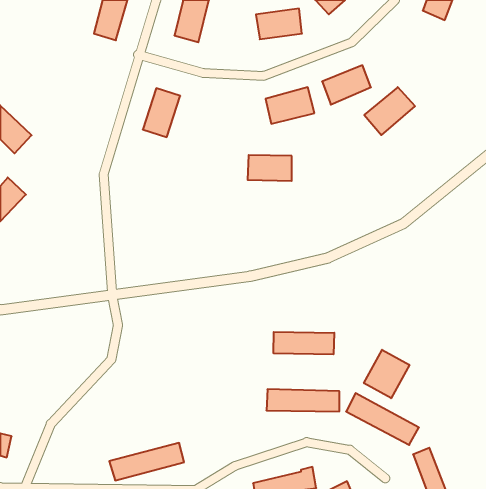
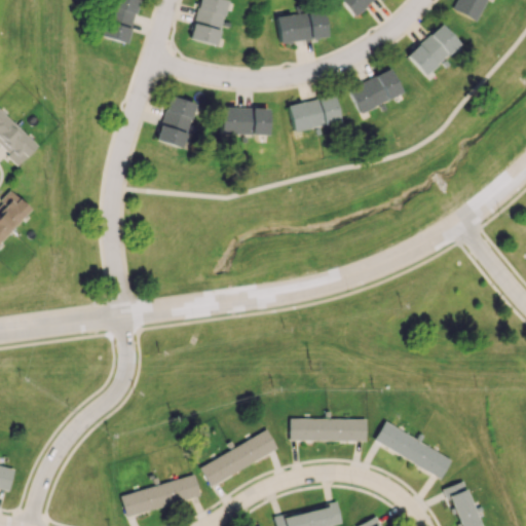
building: [364,87,415,135] -> [408,25,462,76]
building: [248,155,292,181] -> [222,108,269,136]
building: [274,332,334,354] -> none
building: [364,350,409,398] -> none
building: none -> [200,429,278,487]

